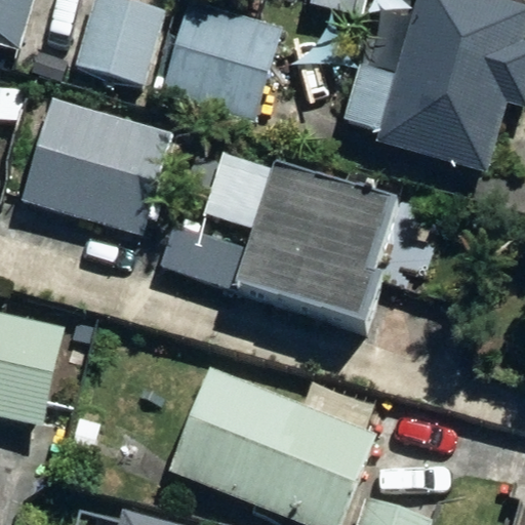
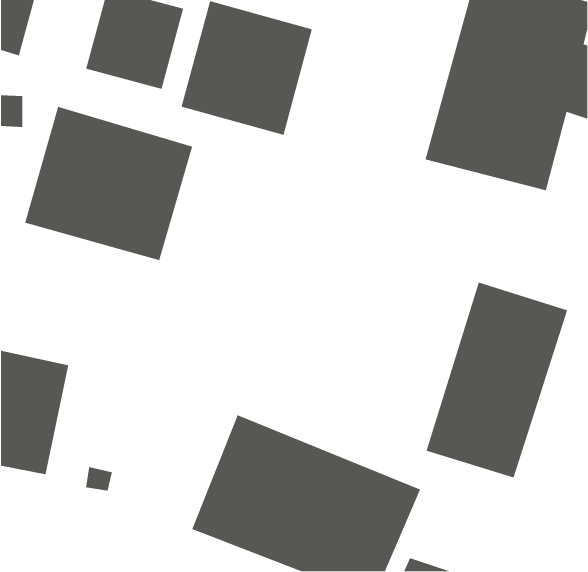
building: [161,164,396,328] -> none
building: none -> [426,281,568,479]

